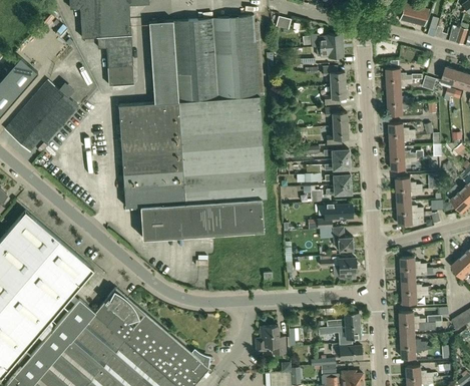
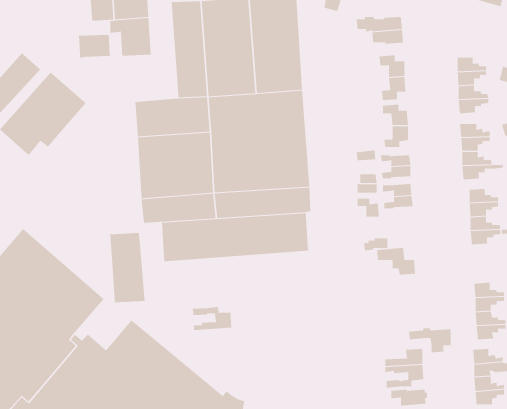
building: [107,66,134,87] -> [78,33,111,59]
building: [324,205,352,221] -> none
building: none -> [110,232,145,303]
building: [320,258,356,279] -> [408,328,451,353]
building: none -> [192,306,232,331]
building: [256,327,286,355] -> none

